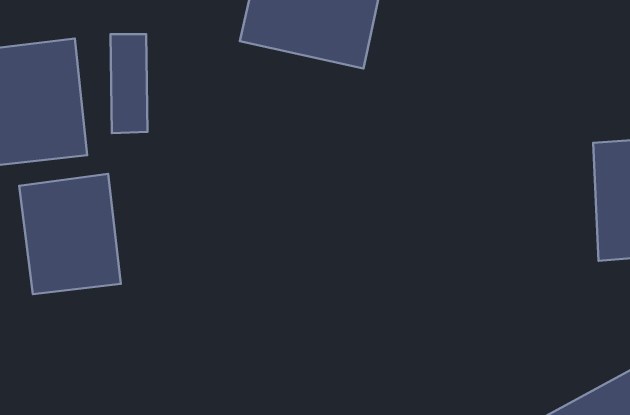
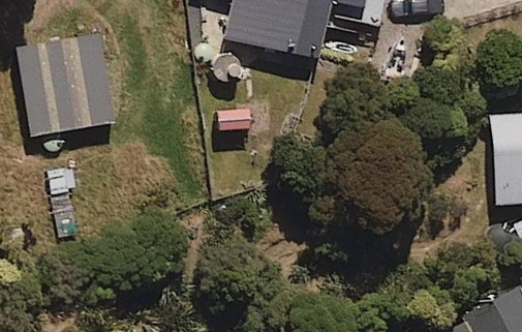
building: [19,174,121,294] -> none

